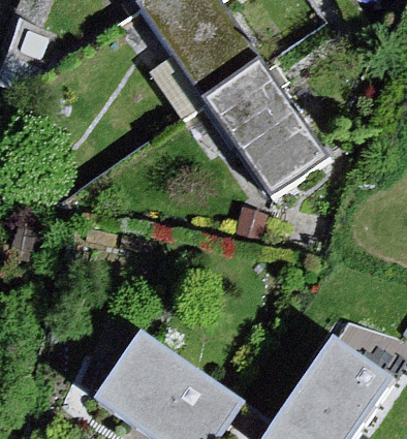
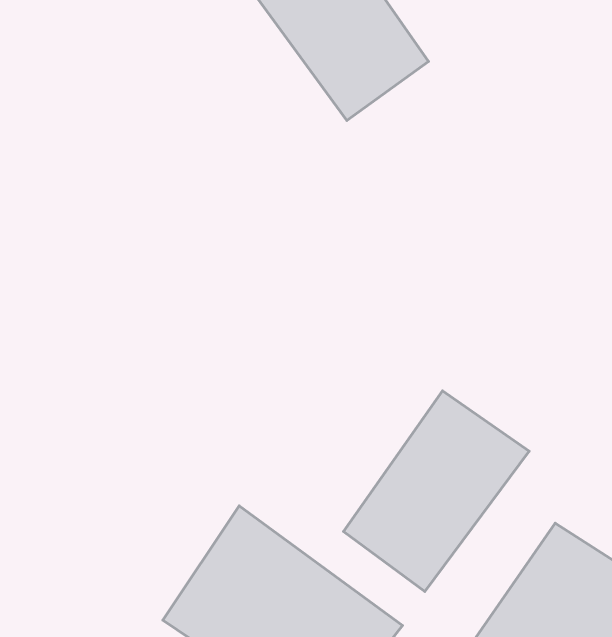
building: [208,64,321,191] -> none
building: none -> [343,391,529,591]

